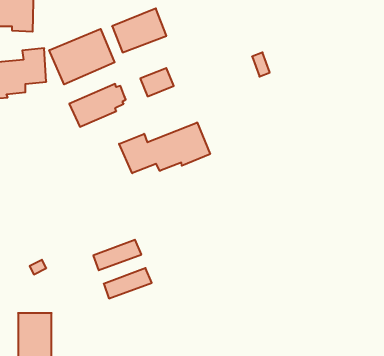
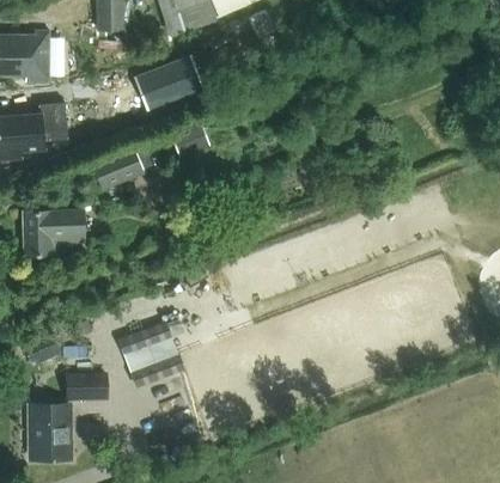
building: [49,29,115,84] -> none
building: [119,122,210,173] -> none
building: none -> [23,209,85,256]
building: none -> [66,371,110,401]

